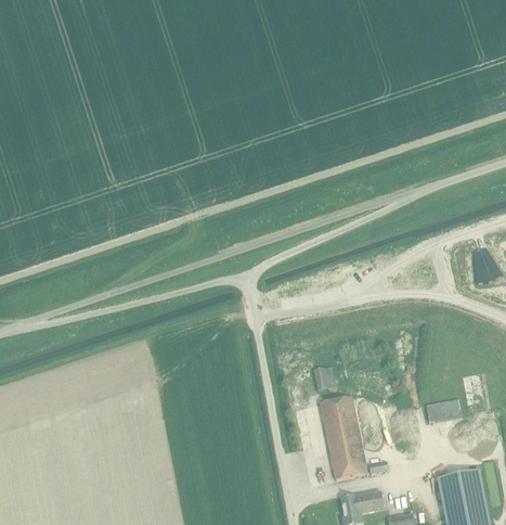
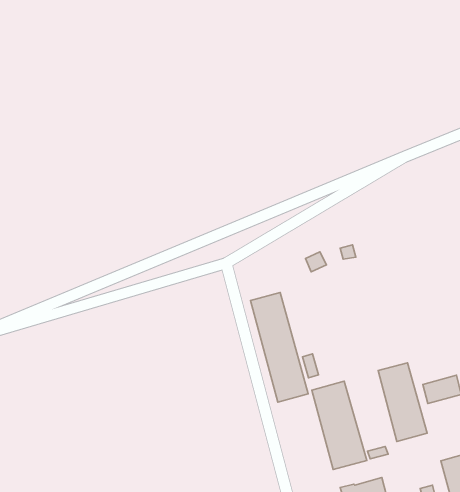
building: none -> [251,293,308,402]
building: none -> [378,363,427,441]

